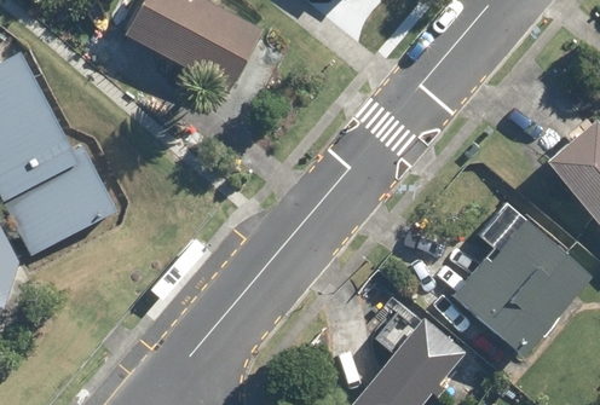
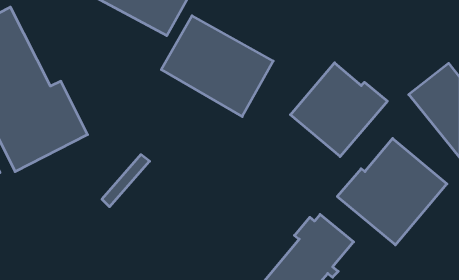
building: none -> [161,16,273,117]
building: none -> [290,63,387,157]

